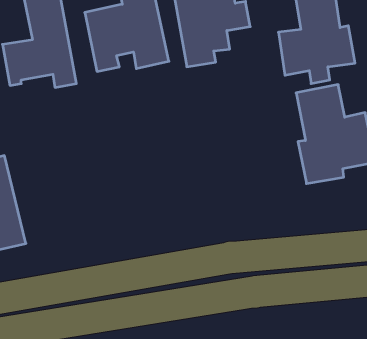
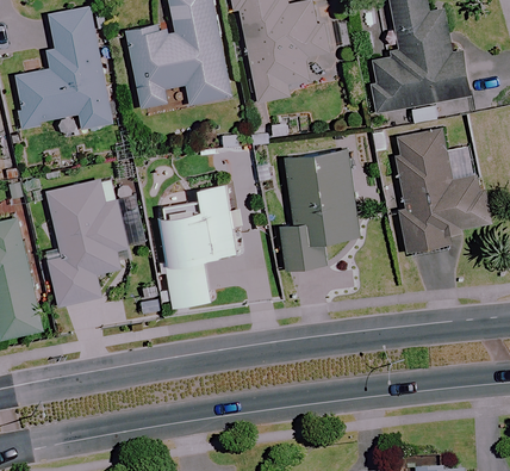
building: none -> [274,149,357,271]
building: none -> [51,181,128,305]
building: none -> [160,184,235,308]

